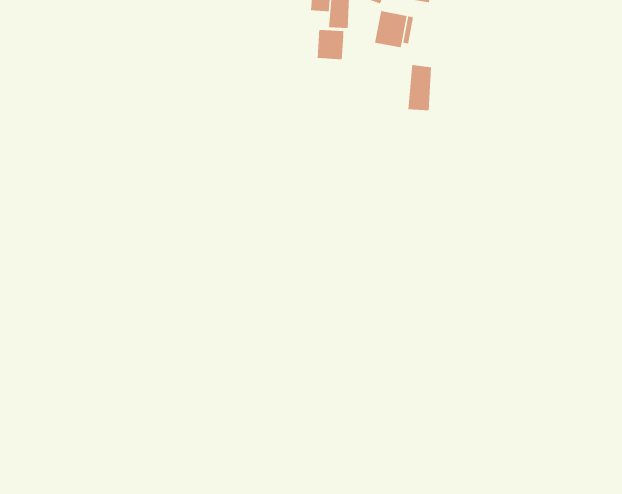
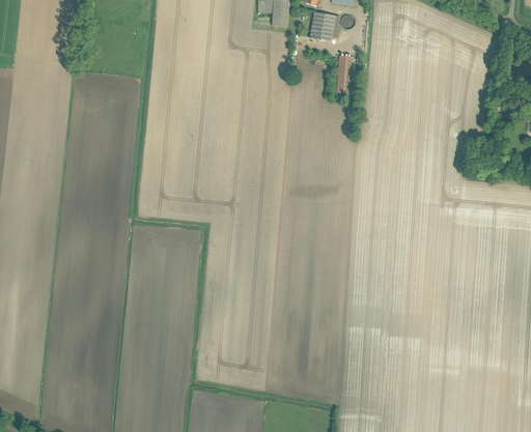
building: [317,29,344,60] -> none

